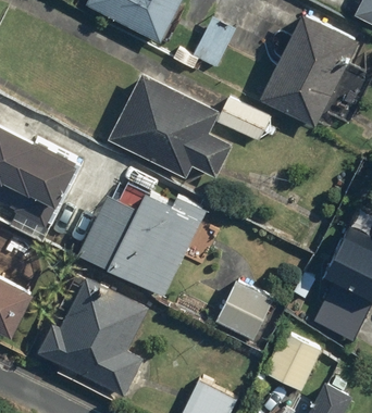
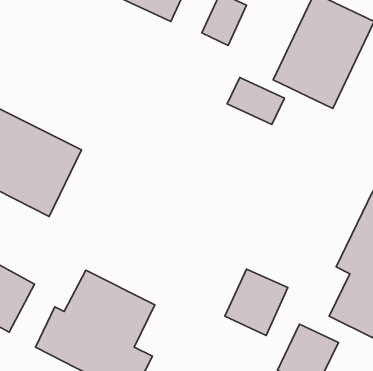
building: [107,72,234,179] -> none
building: [74,192,215,300] -> none

